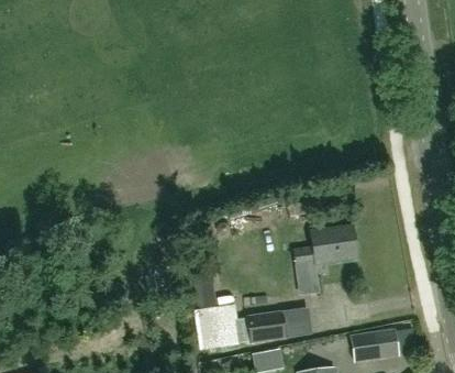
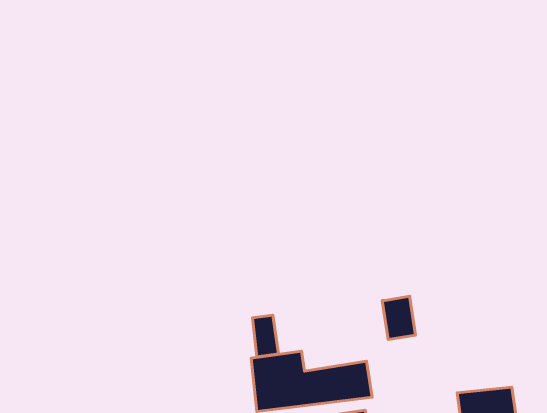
building: [295,226,356,264] -> none
building: [282,307,312,338] -> none

